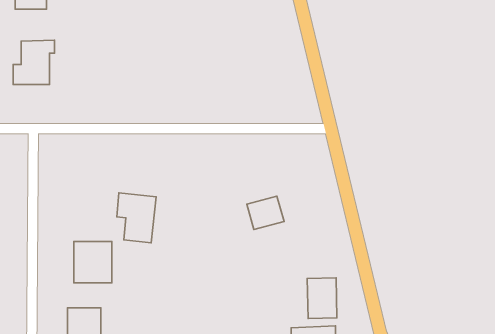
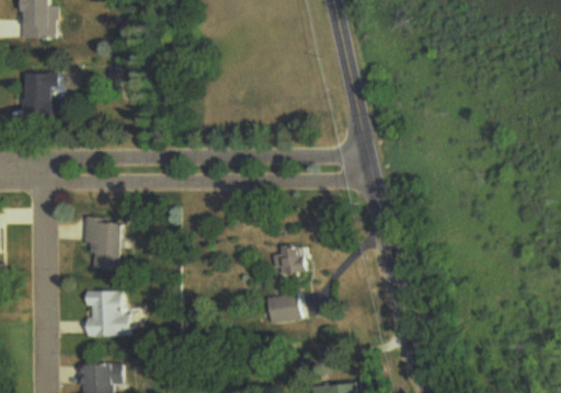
building: [117,193,156,243] -> [82,216,125,270]
building: none -> [264,291,305,323]
building: [307,278,337,318] -> none

